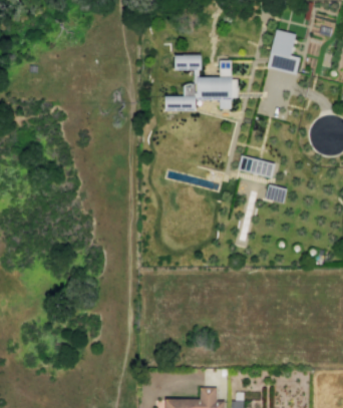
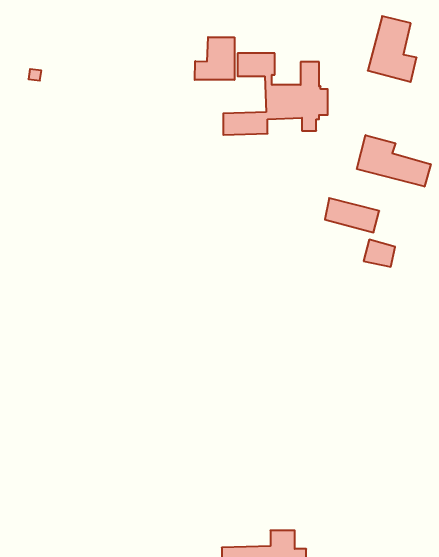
building: none -> [195,37,234,80]
building: none -> [357,135,431,187]

